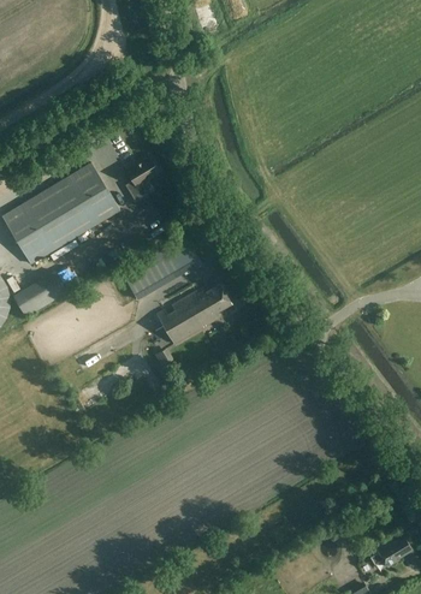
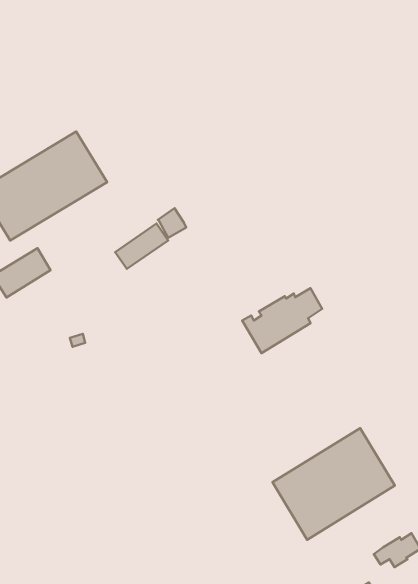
building: [125,156,159,202] -> none
building: [156,285,231,345] -> [242,288,322,353]
building: none -> [272,428,395,540]

